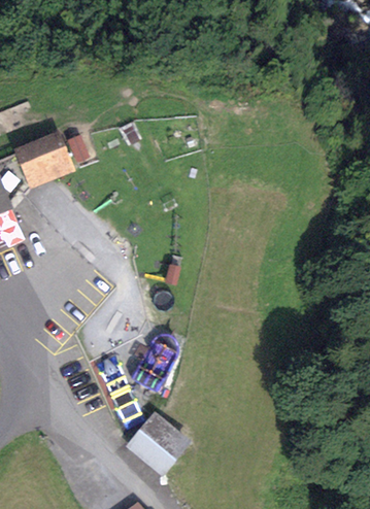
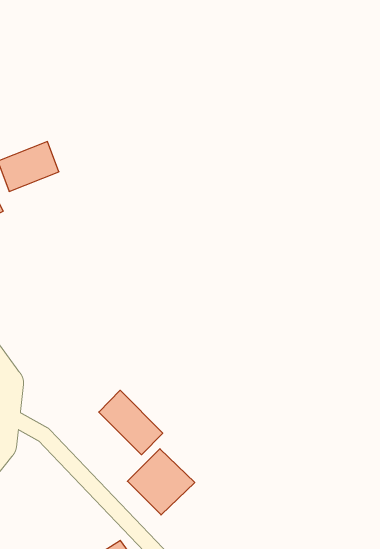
building: none -> [99,390,163,455]

